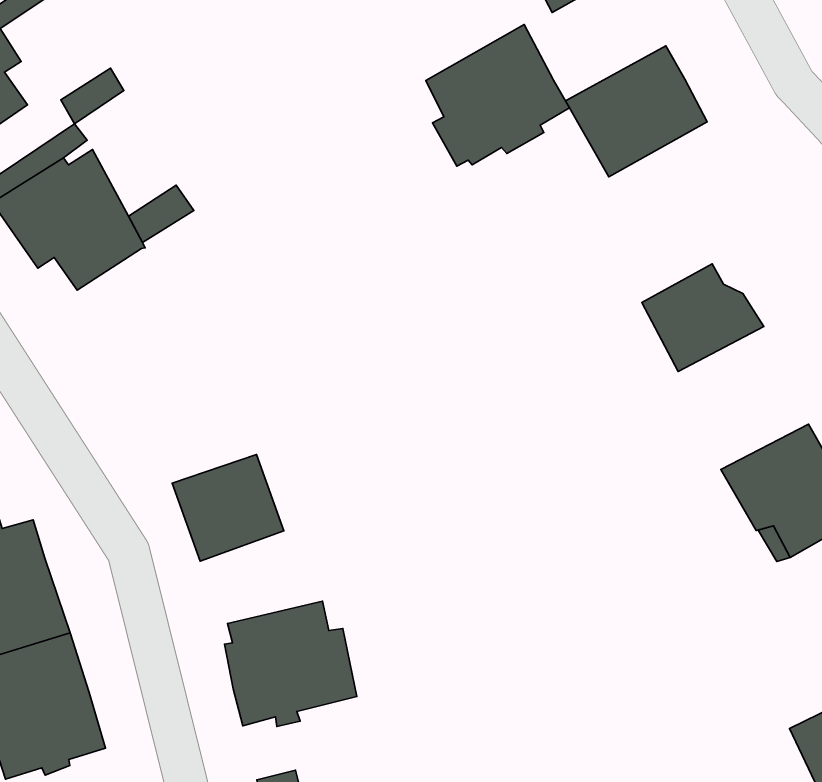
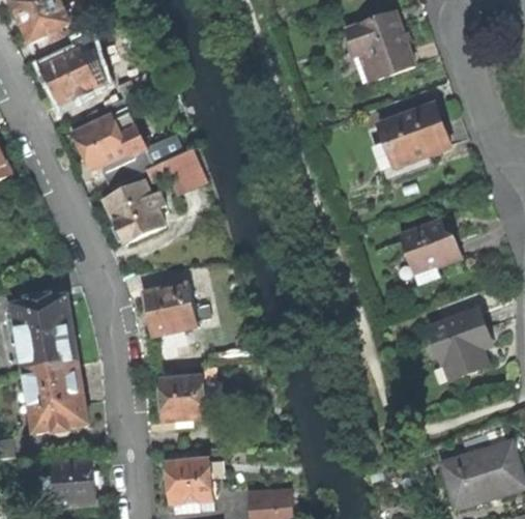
building: [426,25,569,166] -> none
building: none -> [146,149,203,192]
building: none -> [104,181,165,242]

